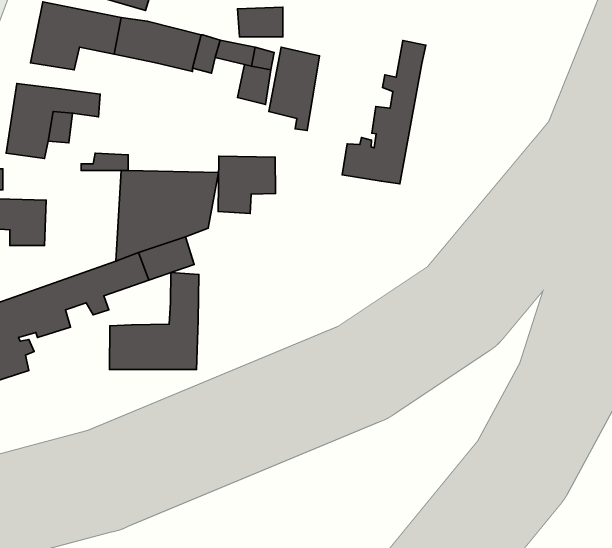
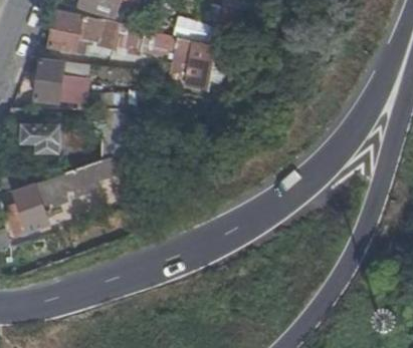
building: [342,40,426,184] -> none
building: [218,156,275,213] -> none
building: [109,273,199,370] -> none

